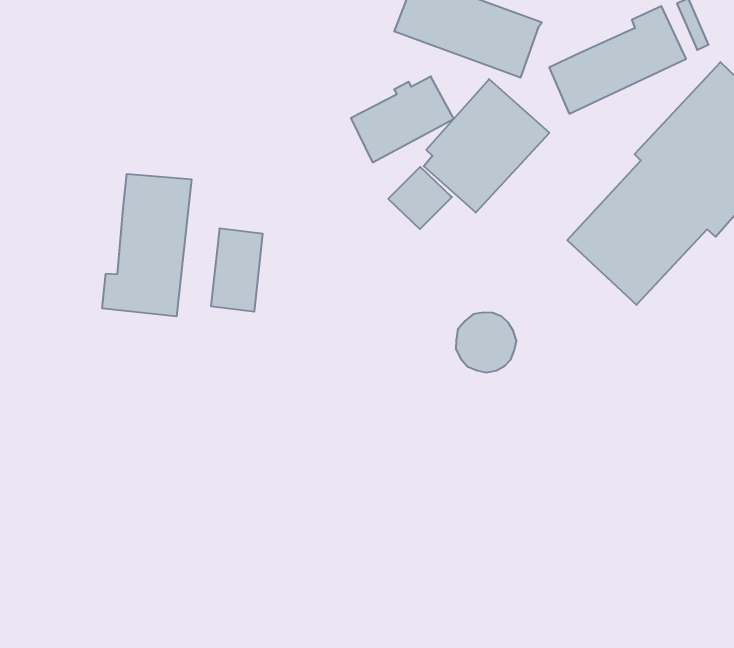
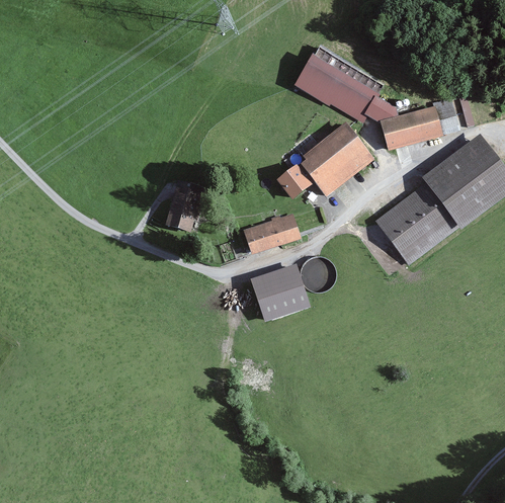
building: none -> [368,96,399,120]
building: [351,76,454,162] -> [243,212,302,255]
building: [102,174,191,316] -> none
building: none -> [251,264,311,322]

